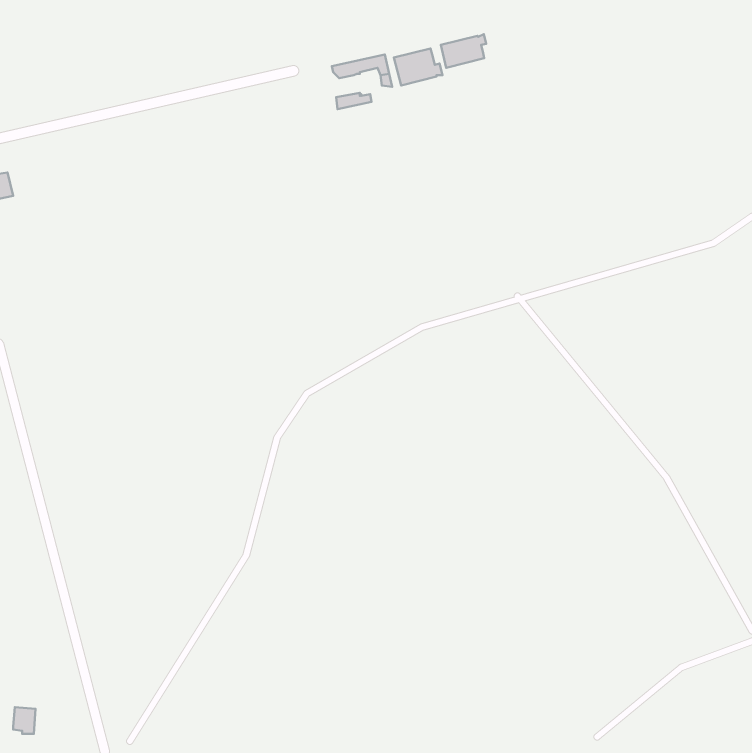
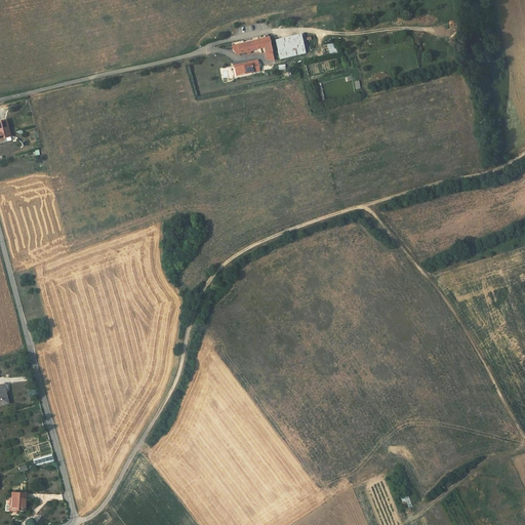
building: [441,34,486,68] -> none

